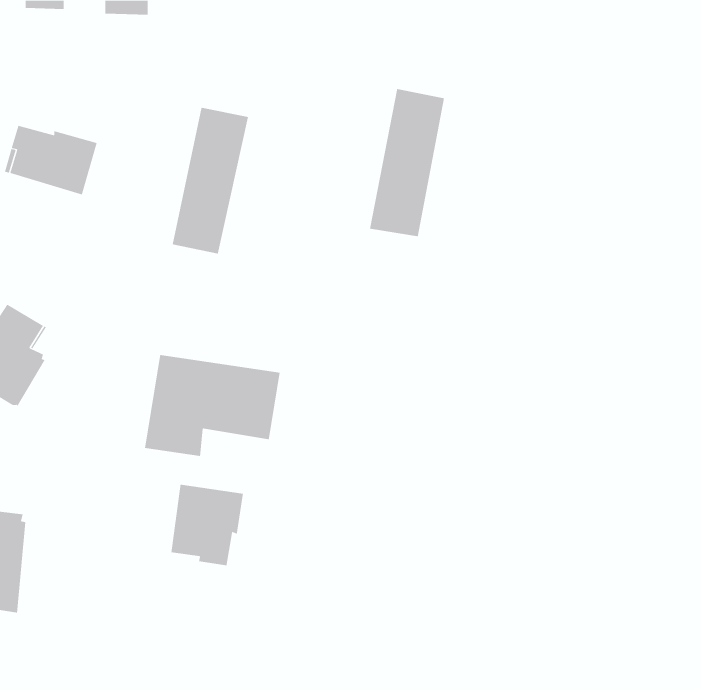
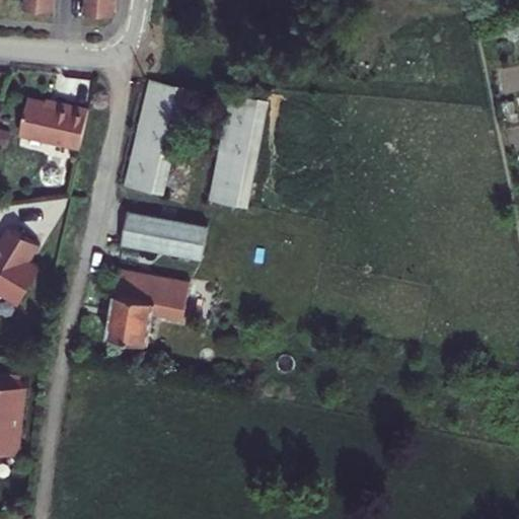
building: [369,89,445,237] -> [210,94,266,204]
building: none -> [124,209,218,257]
building: [171,484,244,566] -> none

